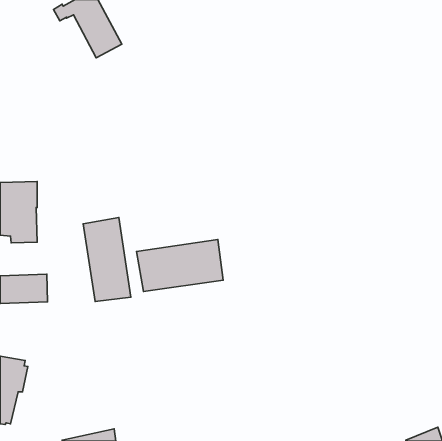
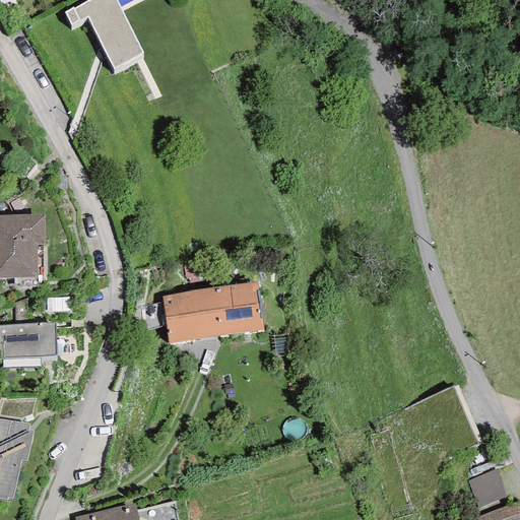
building: [83,218,131,301] -> none
building: none -> [468,469,506,508]

